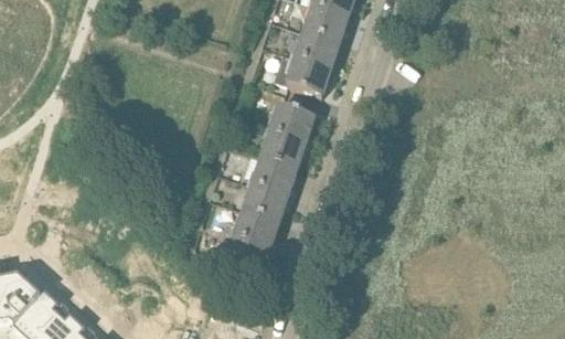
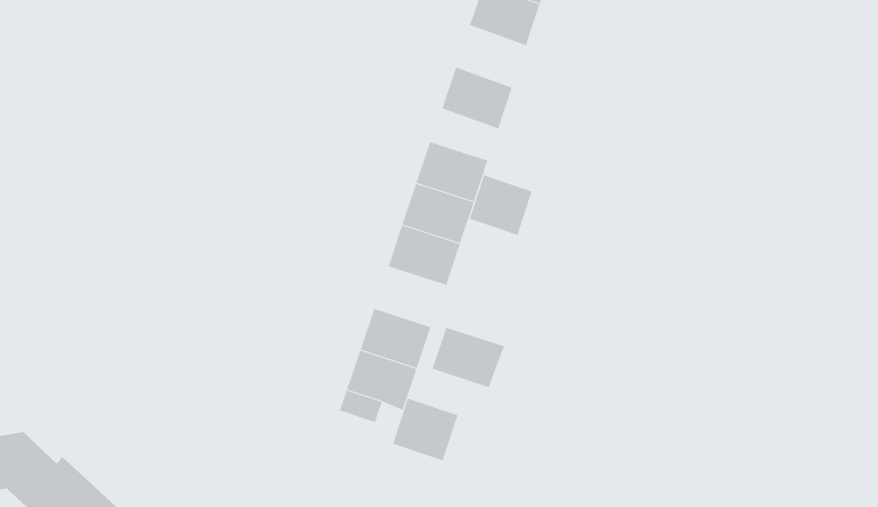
building: [295,27,340,66] -> none
building: none -> [469,174,532,236]
building: [243,180,289,219] -> [432,327,505,388]
building: none -> [392,398,458,461]

